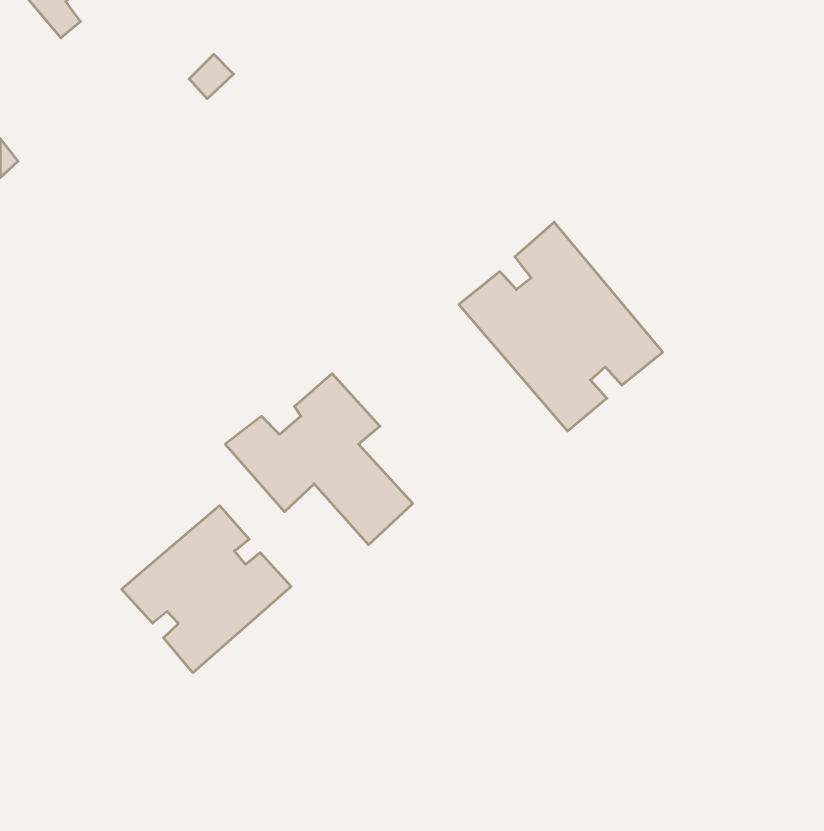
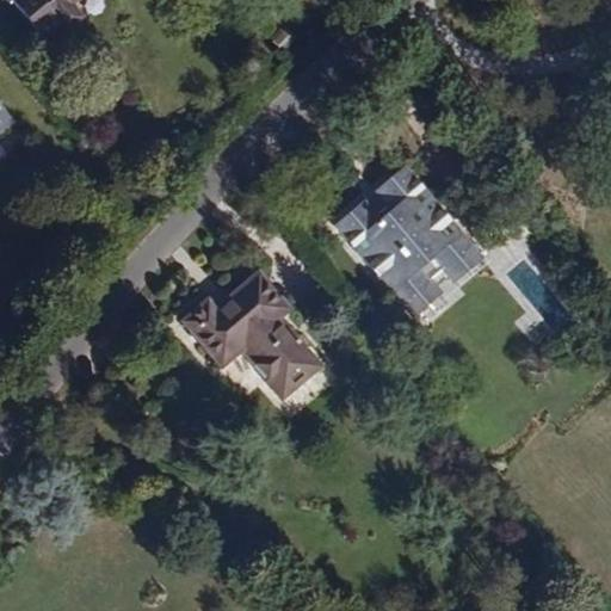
building: [122,506,291,673] -> none

